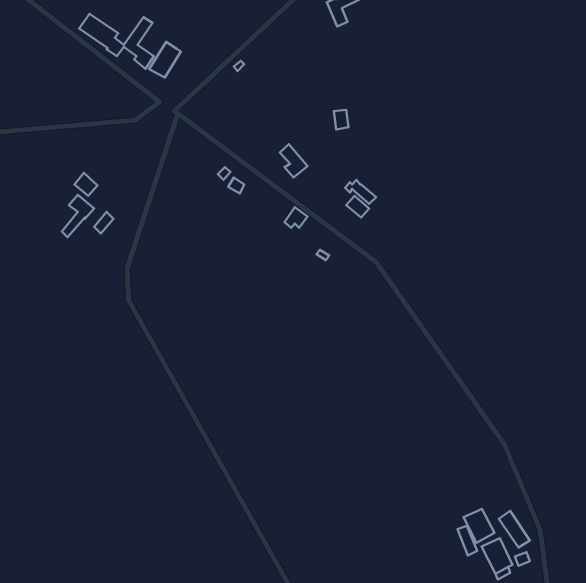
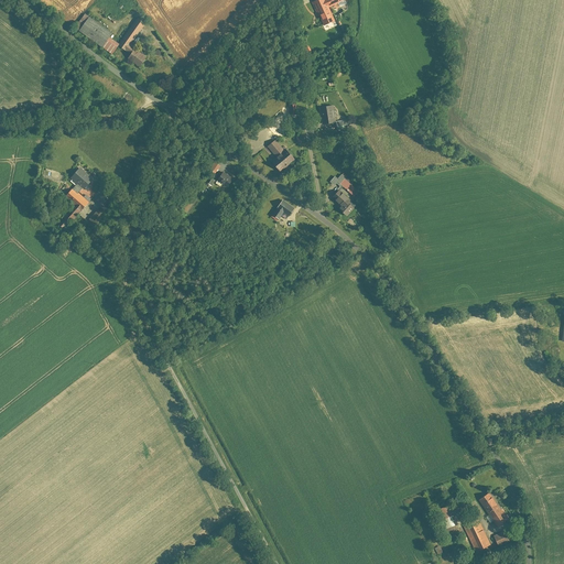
building: [149,42,181,78] -> none
building: [464,509,495,543] -> none

